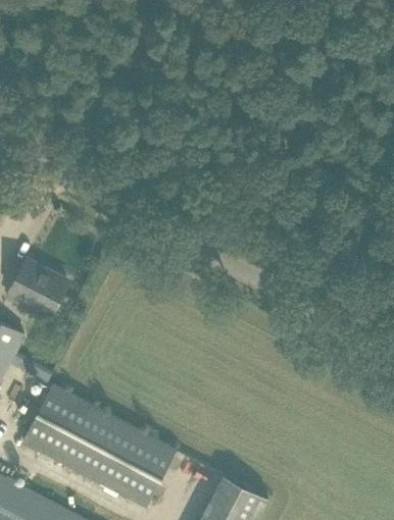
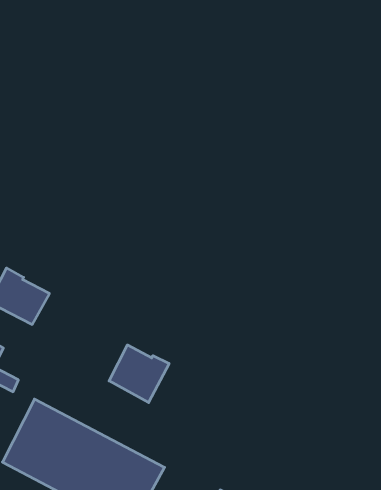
building: none -> [109,345,169,403]

